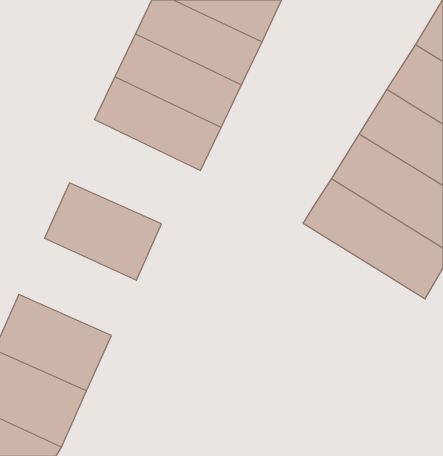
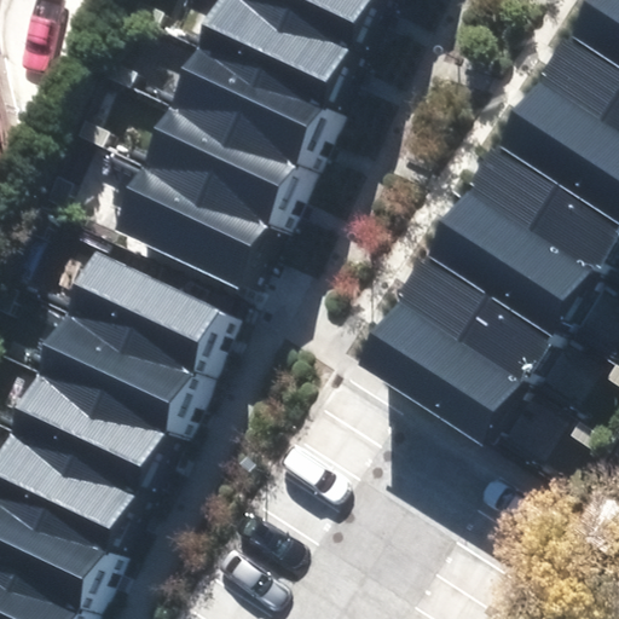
building: none -> [100,162,272,289]
building: none -> [374,302,577,465]
building: none -> [25,323,185,455]

